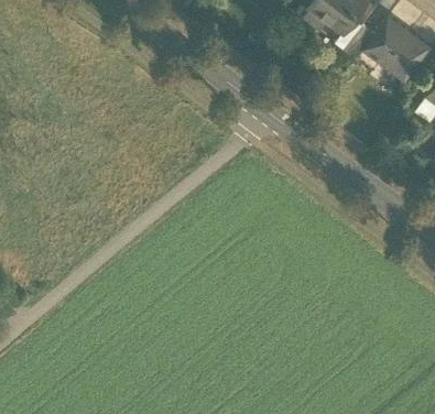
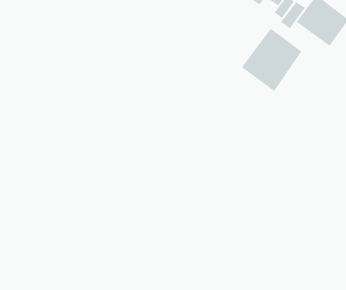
building: none -> [241,28,302,92]

